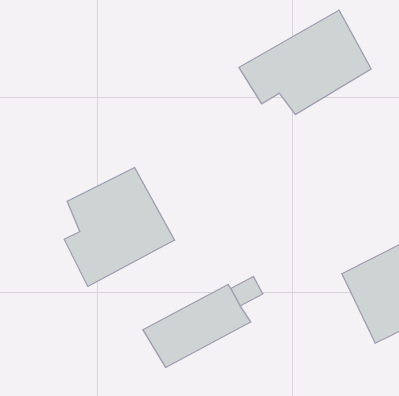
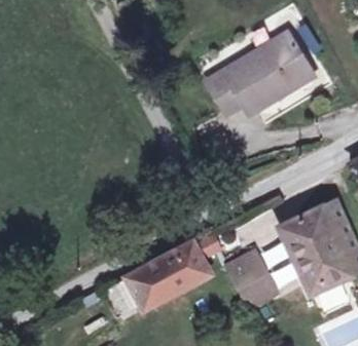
building: [64,167,175,286] -> none
building: none -> [234,257,283,311]

